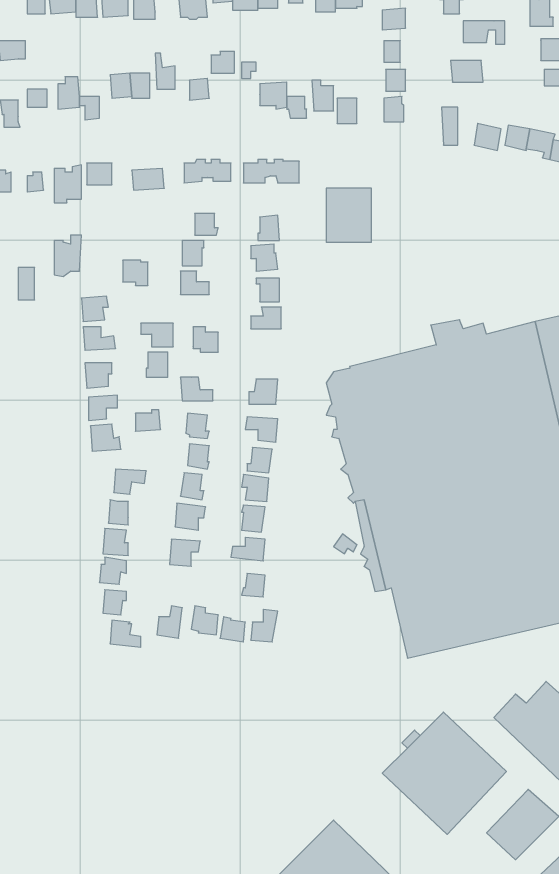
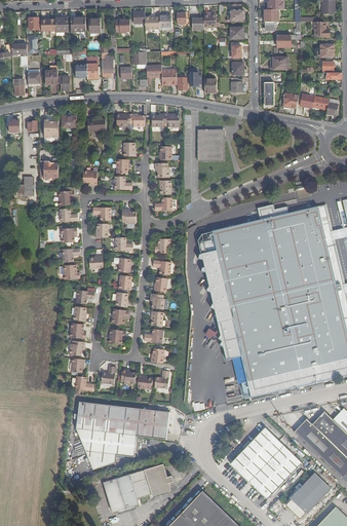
building: none -> [76,401,168,468]
building: none -> [103,463,174,511]

